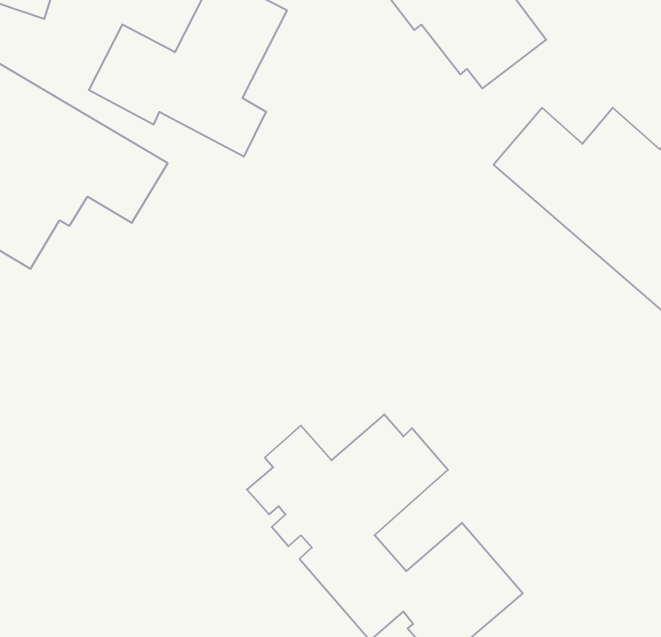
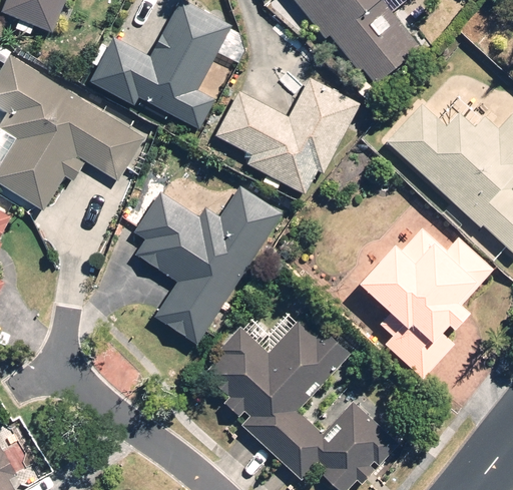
building: none -> [209,75,363,198]
building: none -> [134,190,279,345]
building: none -> [355,227,475,376]

